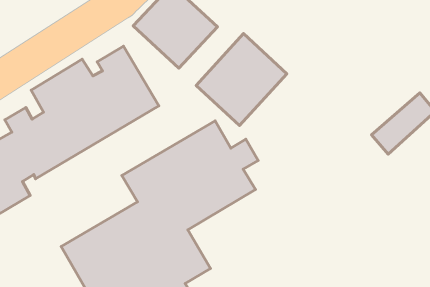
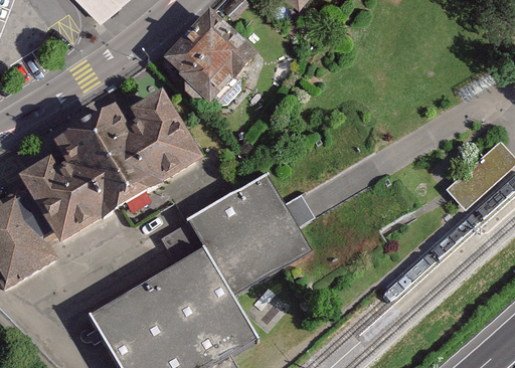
building: [196,34,287,126] -> none

